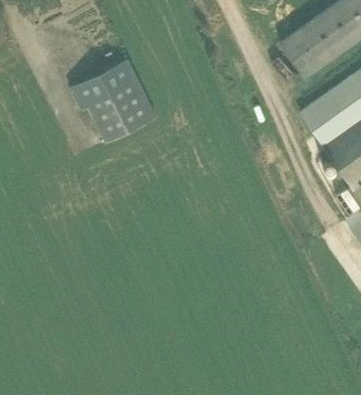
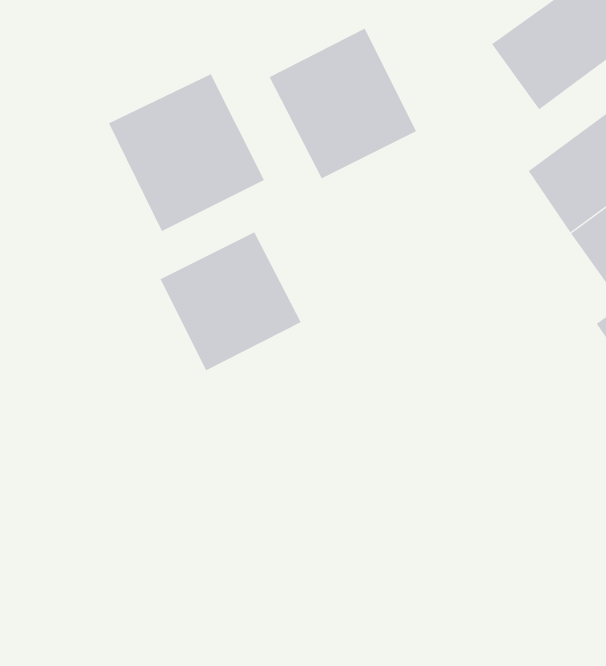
building: none -> [269,28,417,179]
building: none -> [160,231,302,371]

